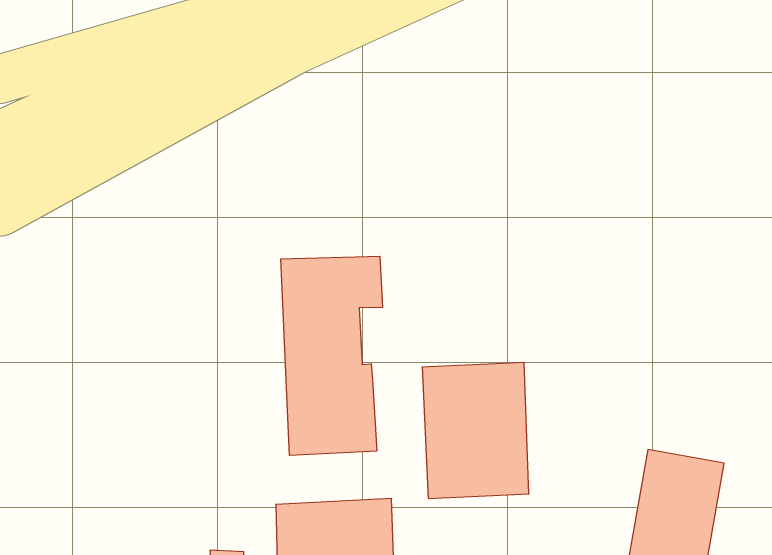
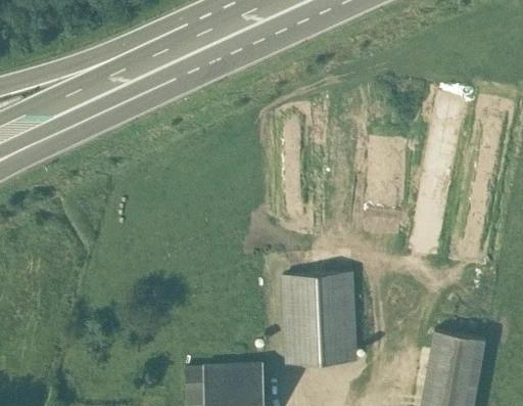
building: [281,256,382,455] -> none

